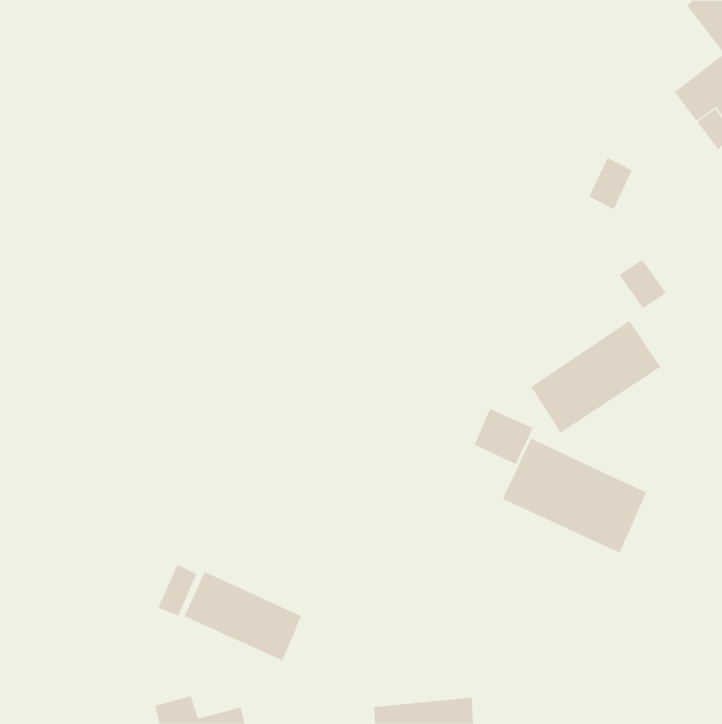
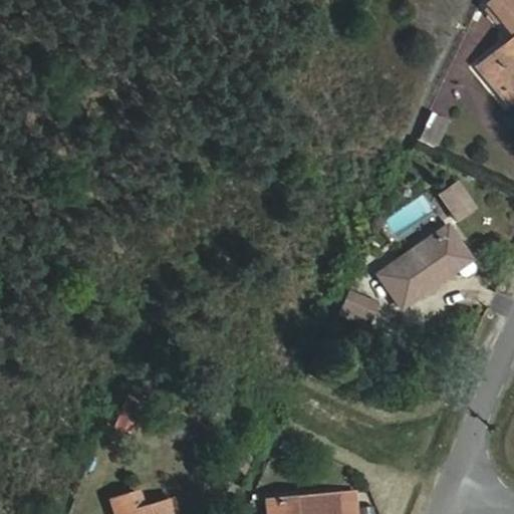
building: [502,438,647,553] -> none
building: [184,571,302,661] -> none

